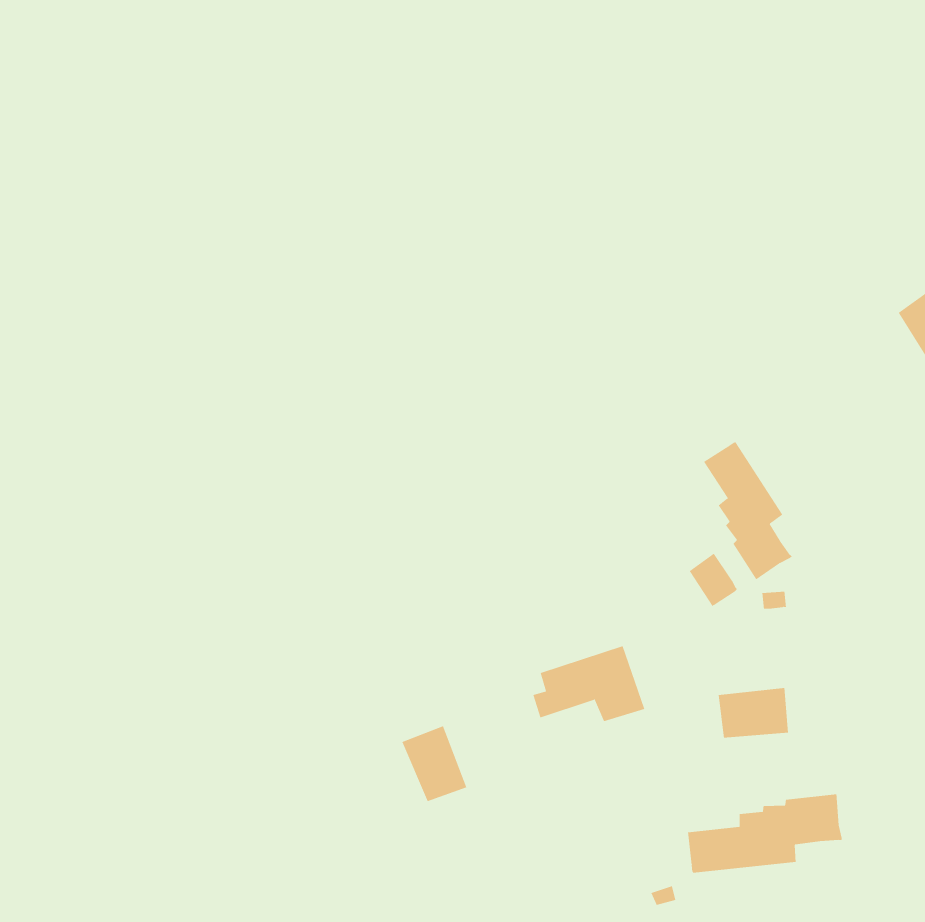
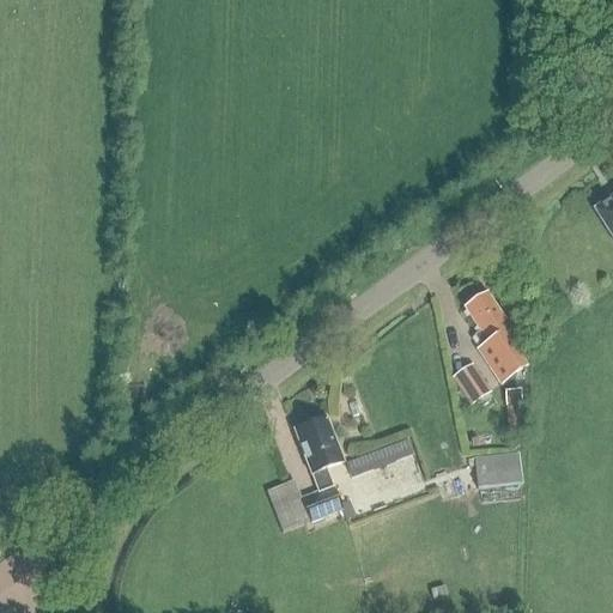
building: none -> [296,417,344,518]
building: [688,794,842,873] -> none

